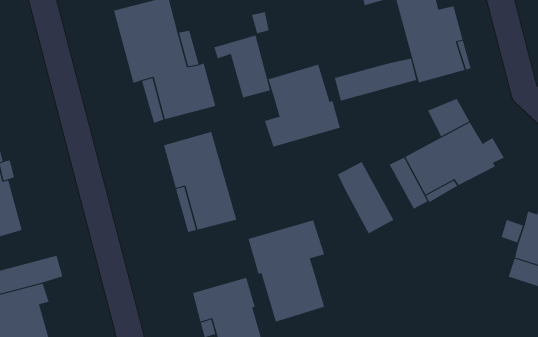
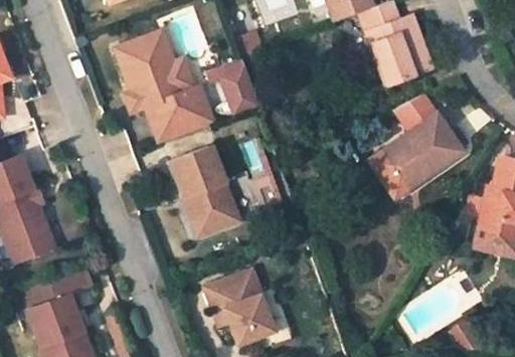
building: [334,58,417,101] -> none
building: [264,64,340,147] -> none
building: [337,161,394,234] -> none
building: [248,220,325,322] -> none

